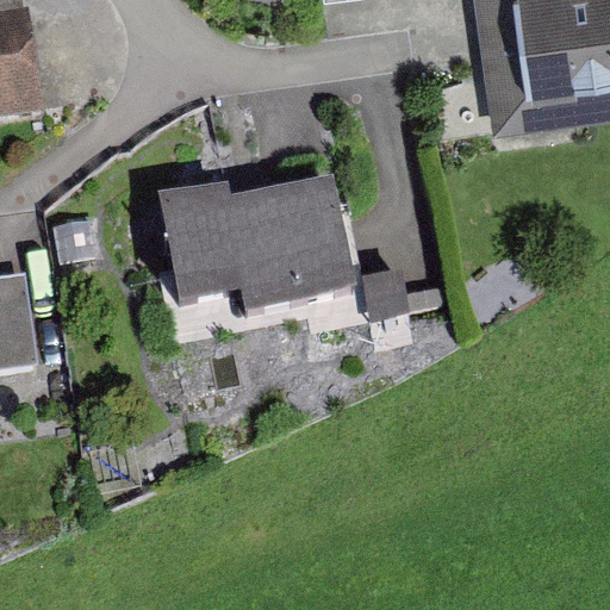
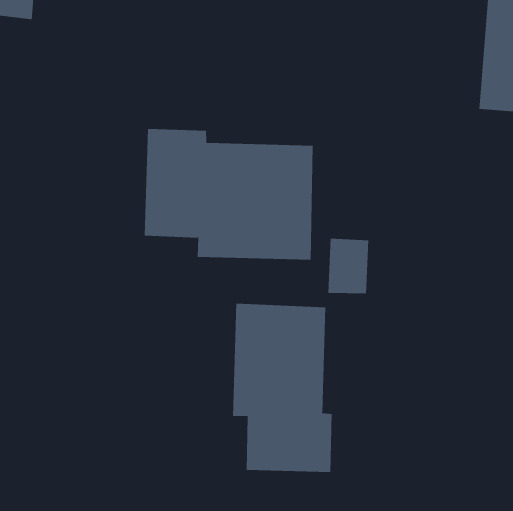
building: none -> [232,303,332,473]

